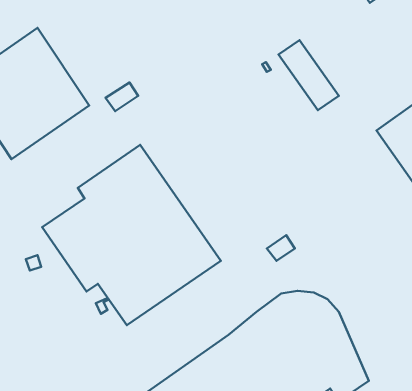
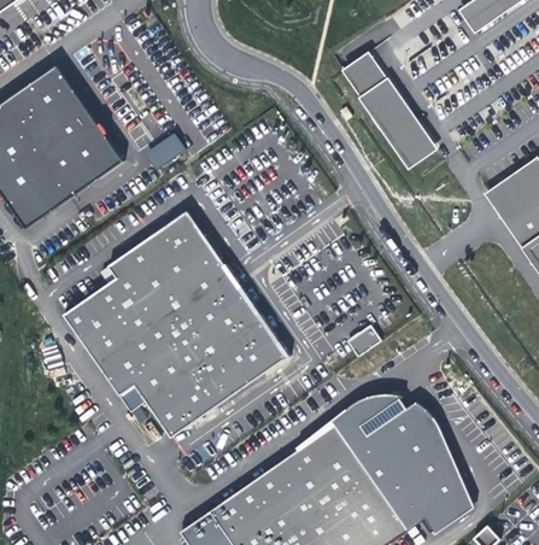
building: none -> [341,52,387,98]

